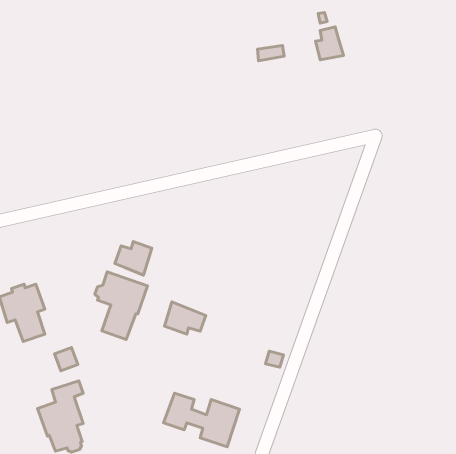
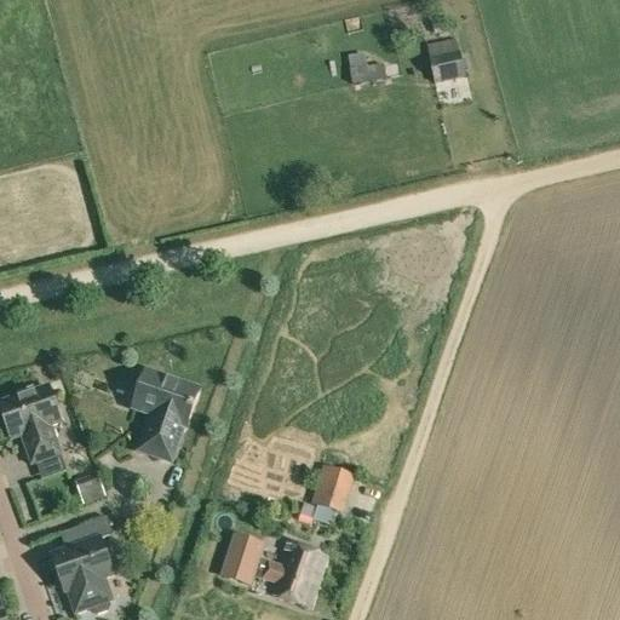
building: [115,242,152,275] -> none
building: [164,302,206,334] -> none
building: none -> [310,464,354,512]

